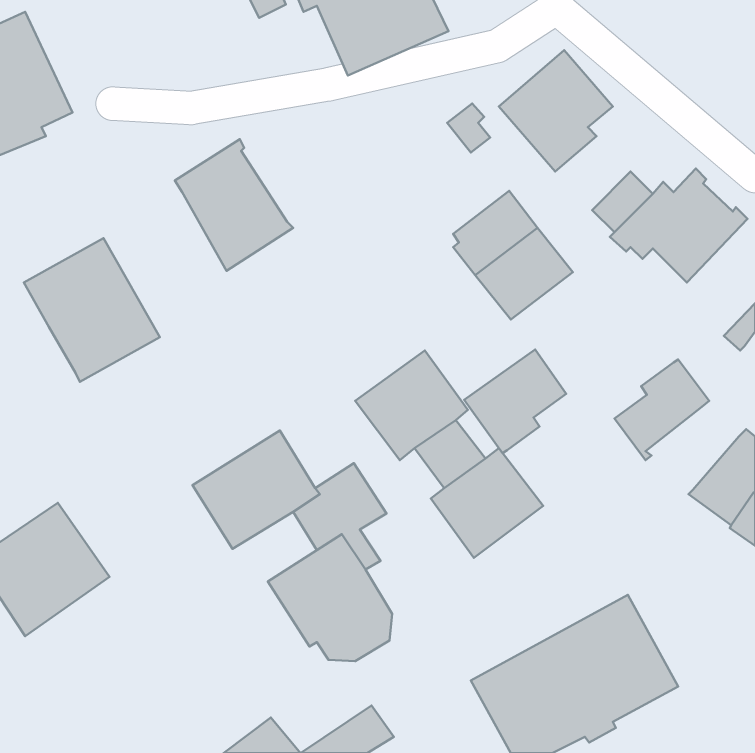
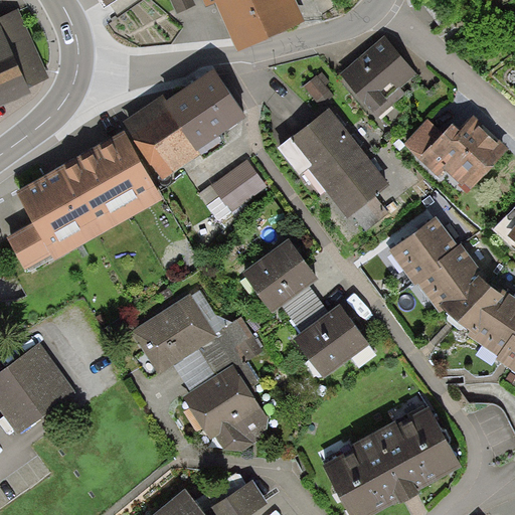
building: none -> [164,68,244,151]
building: none -> [291,108,346,159]
building: none -> [70,131,162,229]
building: none -> [210,158,267,218]
building: none -> [7,222,51,269]
building: [464,349,566,453] -> [388,216,458,287]
building: none -> [439,277,502,333]

